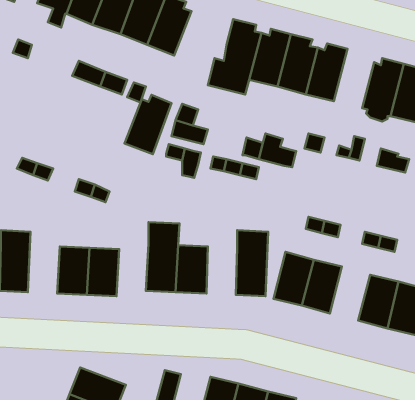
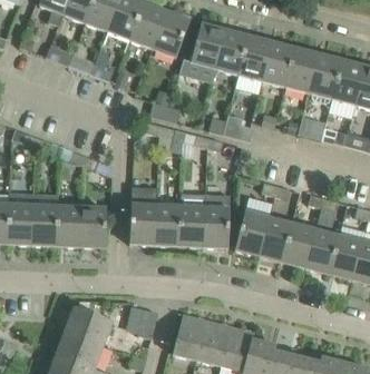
building: none -> [285,43,319,92]
building: [124,95,171,154] -> [153,9,192,58]
building: none -> [31,195,58,246]
building: none -> [179,207,205,247]
building: none -> [282,224,315,268]

